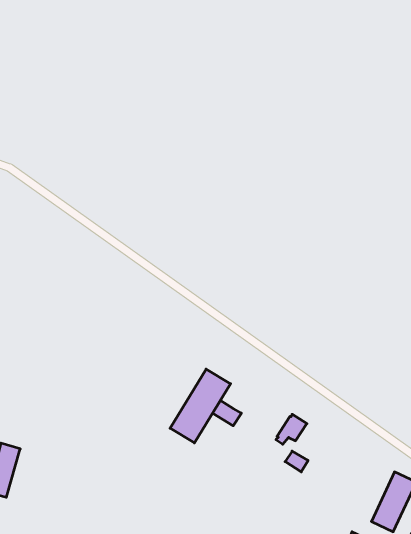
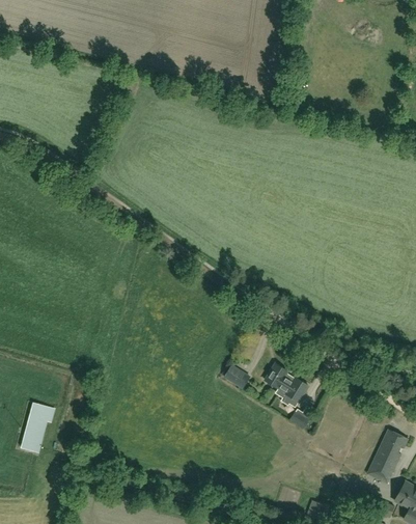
building: [170,369,231,443] -> none
building: none -> [264,363,293,397]

